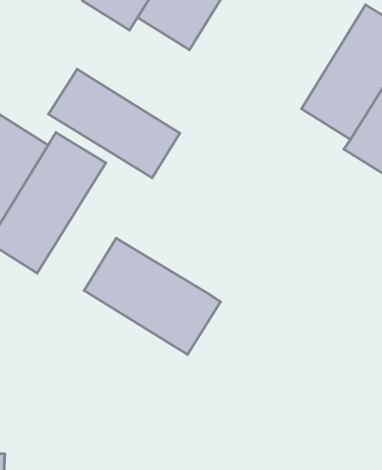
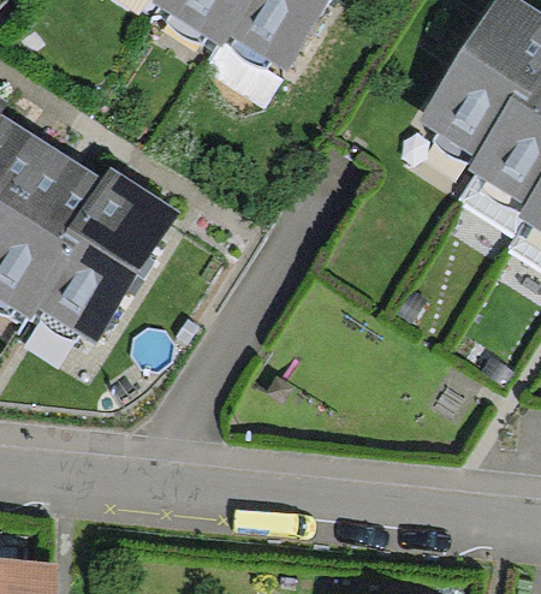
building: [49,69,180,178] -> none
building: [84,238,220,355] -> none

